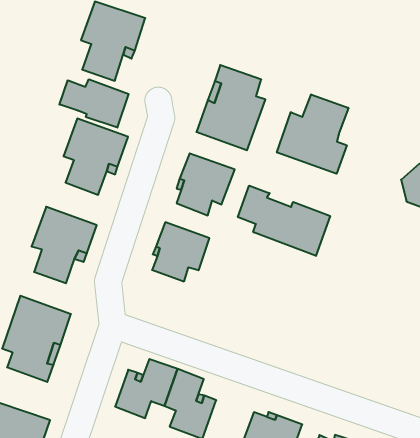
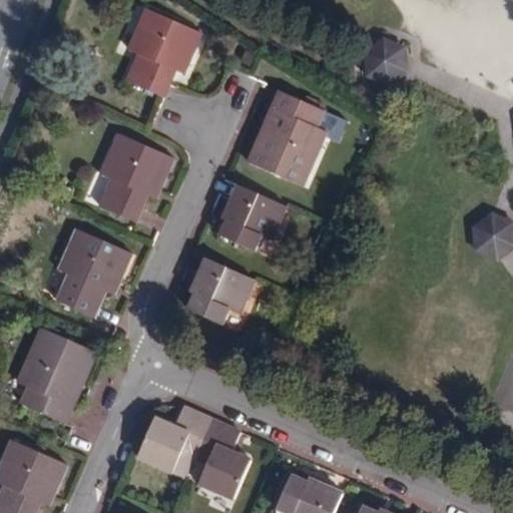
building: none -> [362,38,406,87]
building: [59,79,129,128] -> none
building: [277,94,348,174] -> none
building: [238,186,330,256] -> none

